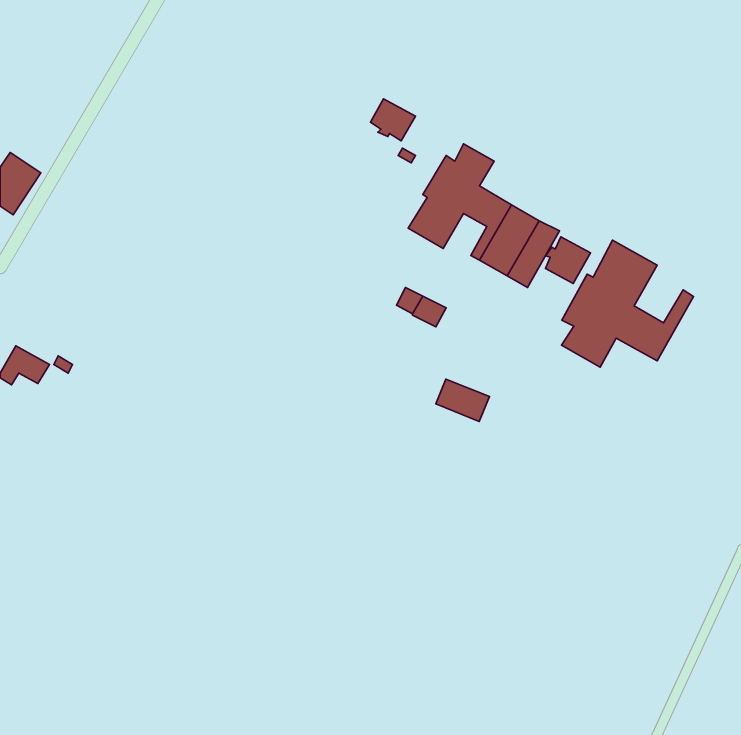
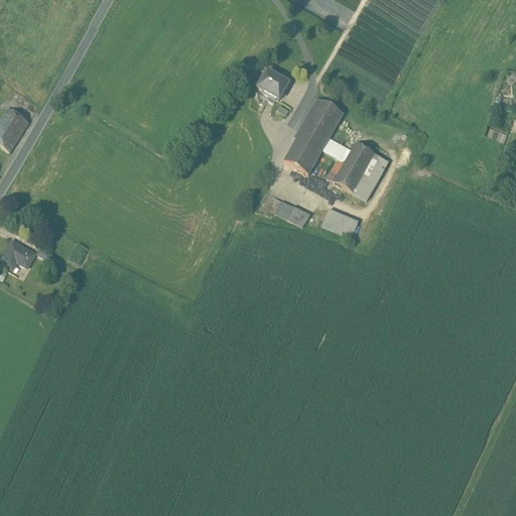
building: [545,237,591,284] -> none
building: [561,240,693,367] -> none
building: [436,379,489,421] -> [320,208,358,237]

